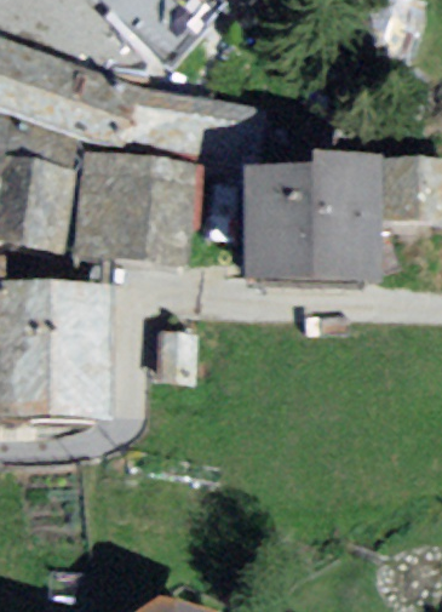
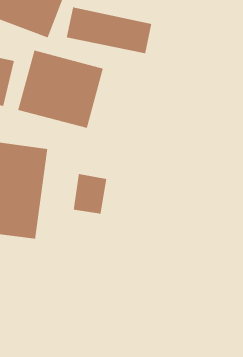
building: [241,178,360,278] -> none

